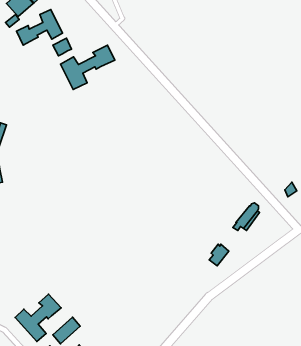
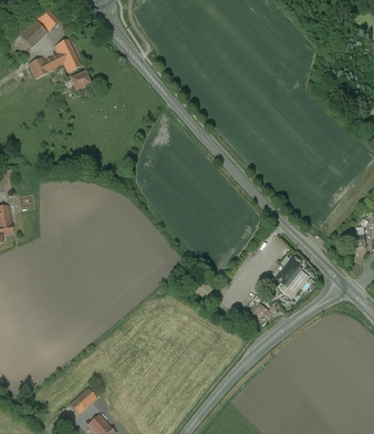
building: [61,45,115,89] -> none
building: [15,294,61,341] -> none

